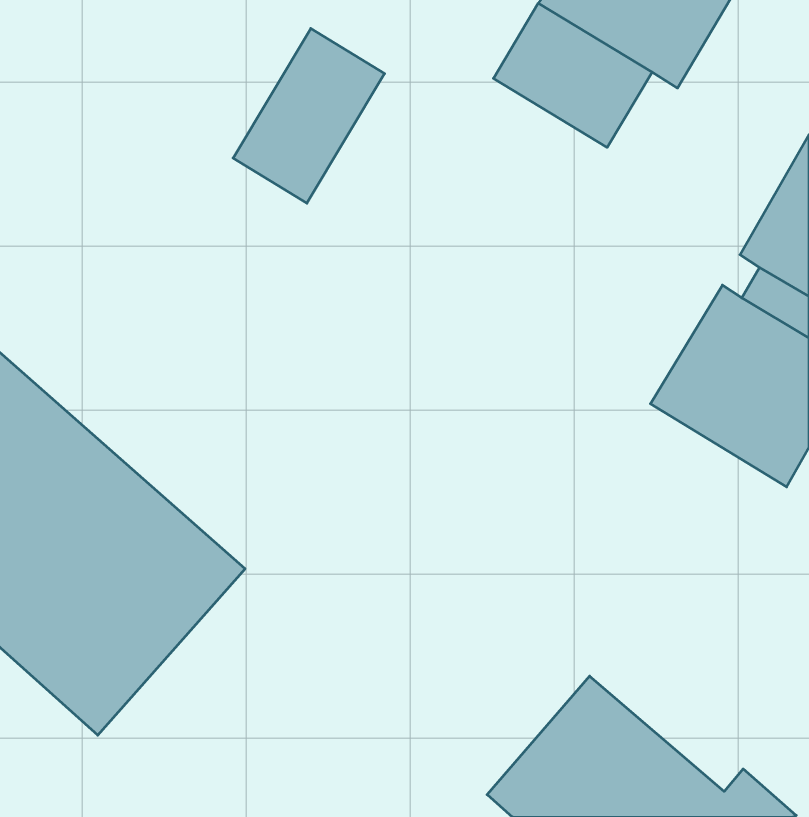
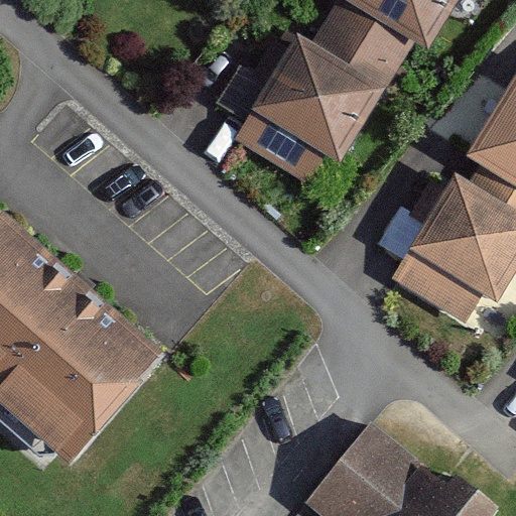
building: [233,28,385,203] -> none
building: none -> [252,41,382,168]

